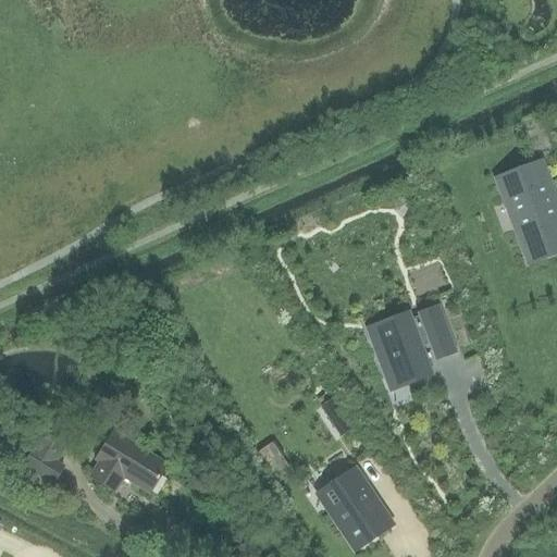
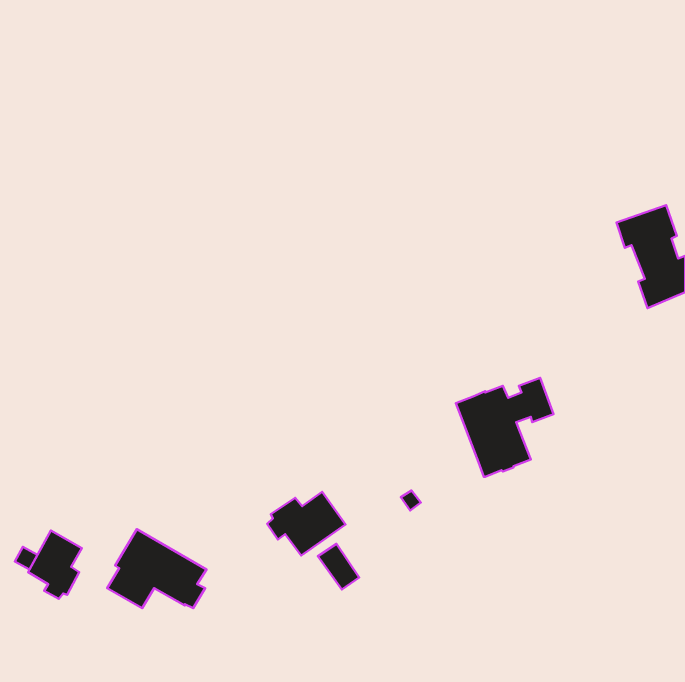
building: none -> [267,492,346,555]
building: [321,471,389,546] -> none

